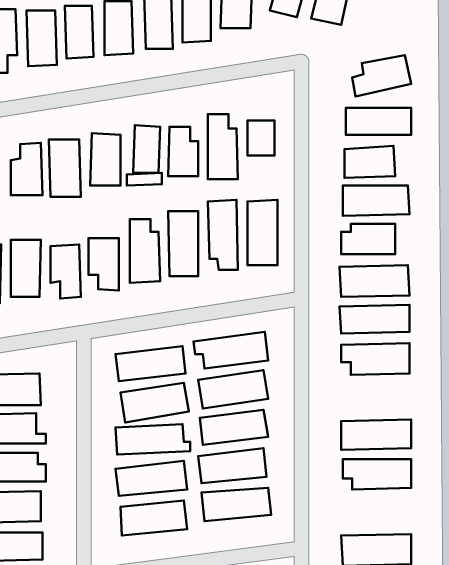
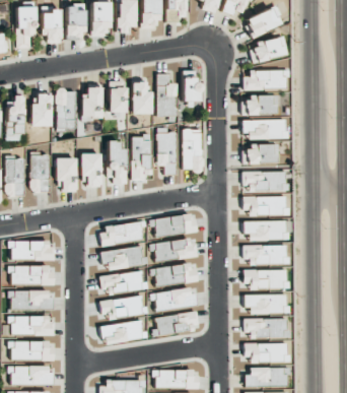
building: none -> [247,7,283,36]
building: none -> [244,245,288,264]
building: none -> [244,318,288,337]

